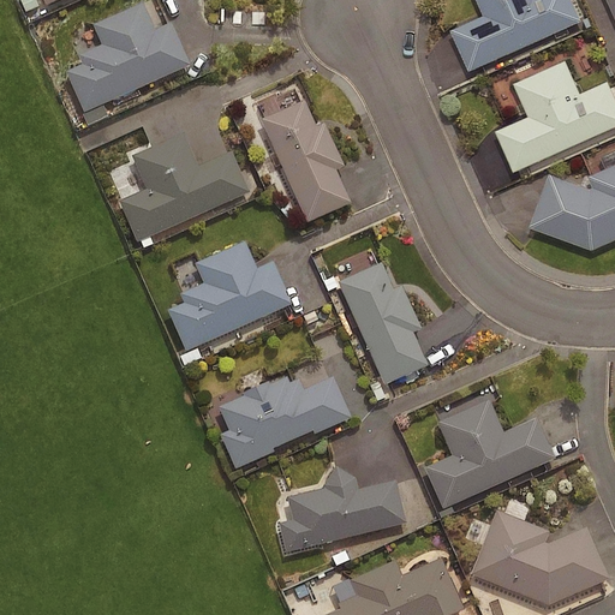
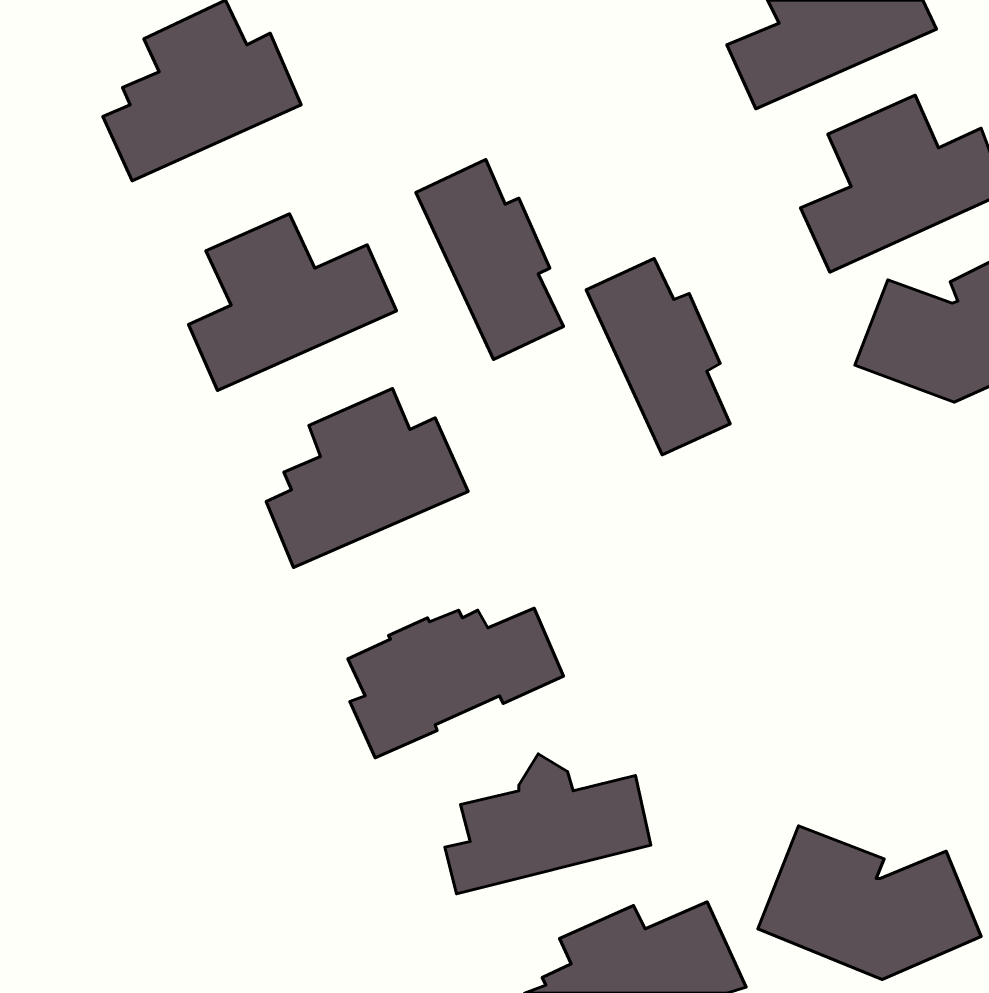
building: [338,263,426,384] -> [586,259,730,455]
building: [425,400,556,509] -> none

